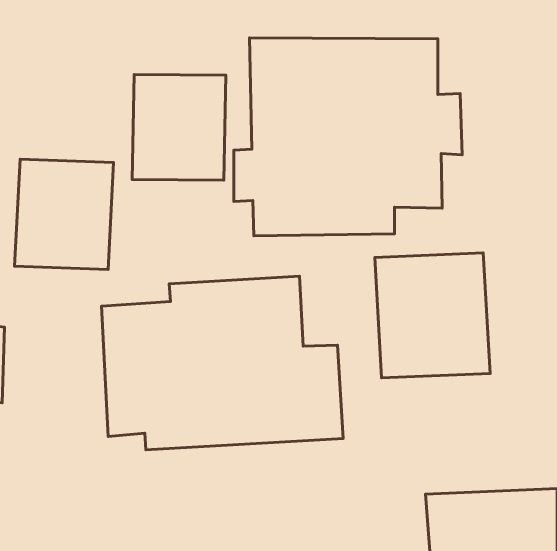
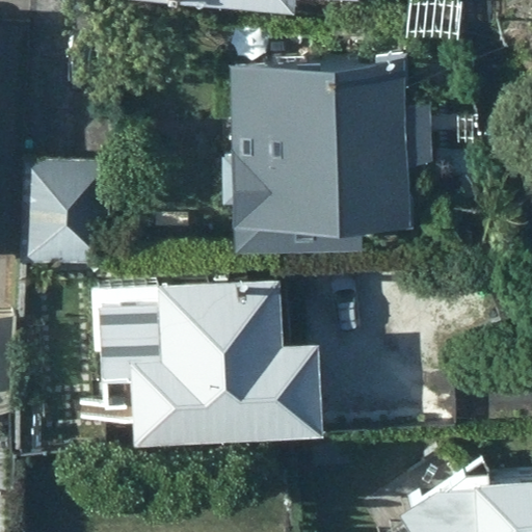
building: [132,75,226,180] -> none
building: [375,253,490,378] -> none

